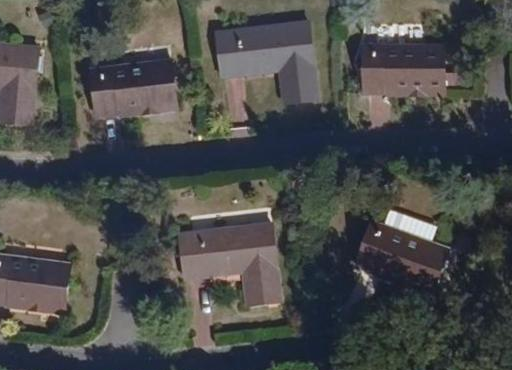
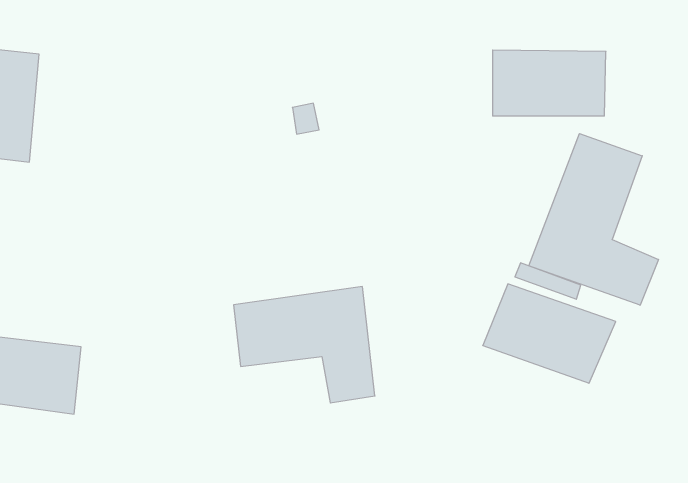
building: [215,30,316,108] -> none
building: [89,67,177,123] -> none
building: none -> [529,134,658,305]

